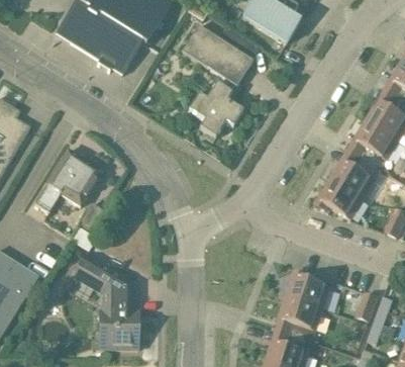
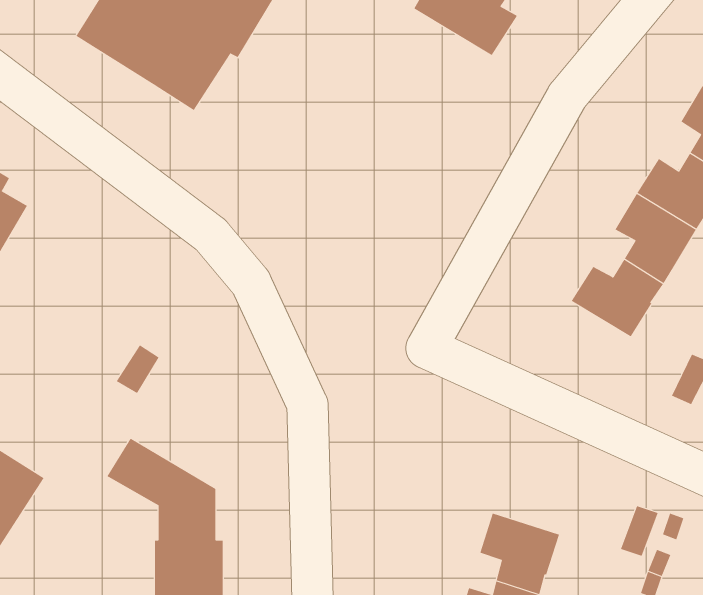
building: [181,24,252,136] -> none
building: [34,152,104,211] -> none
building: [317,178,363,218] -> none
building: [286,274,329,307] -> none

